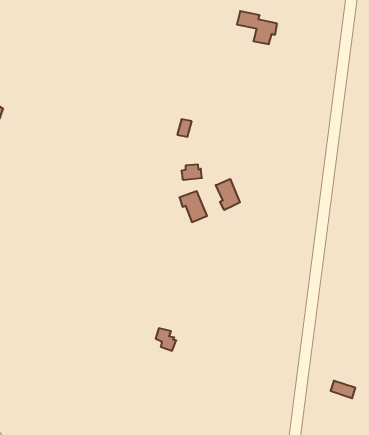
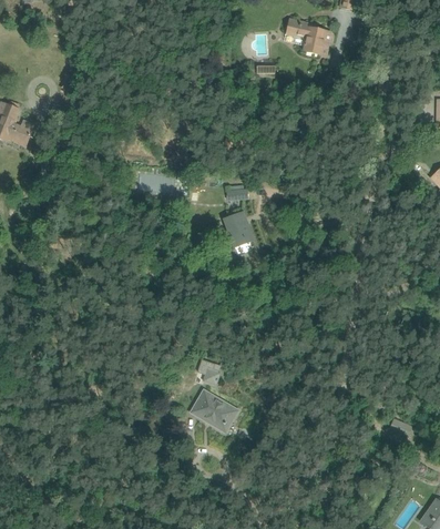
building: [216,179,240,210] -> none
building: none -> [192,391,237,431]

